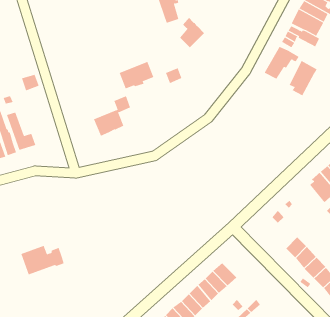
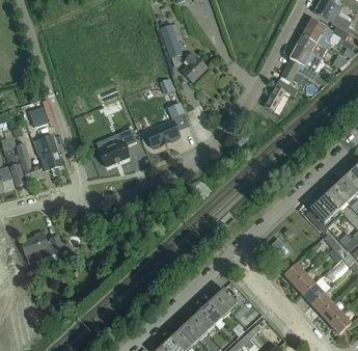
building: [289,60,317,96] -> none
building: [119,61,154,89] -> [145,119,180,146]
building: none -> [33,134,62,169]
building: [21,245,65,275] -> [21,233,63,262]

